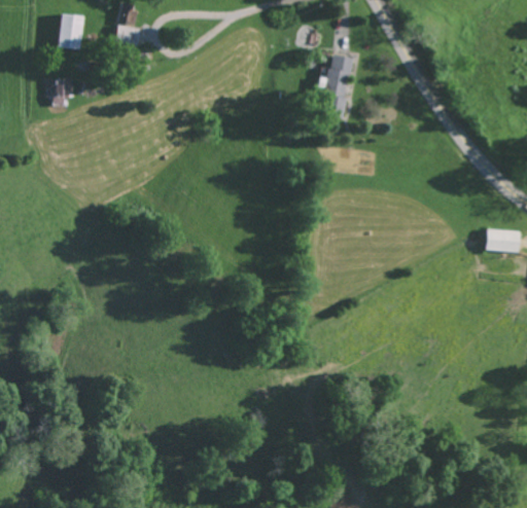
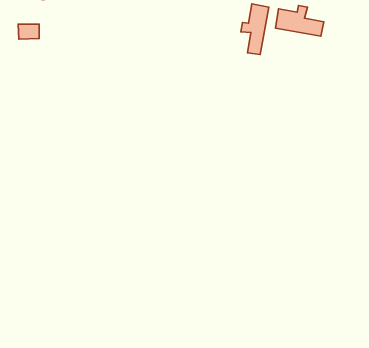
building: none -> [275,6,324,36]

